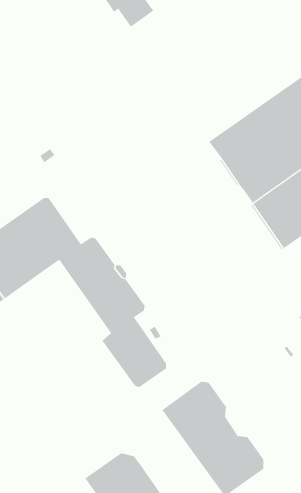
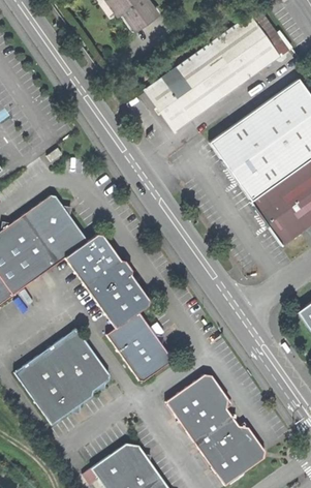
building: none -> [145,16,279,131]
building: none -> [15,327,110,423]

